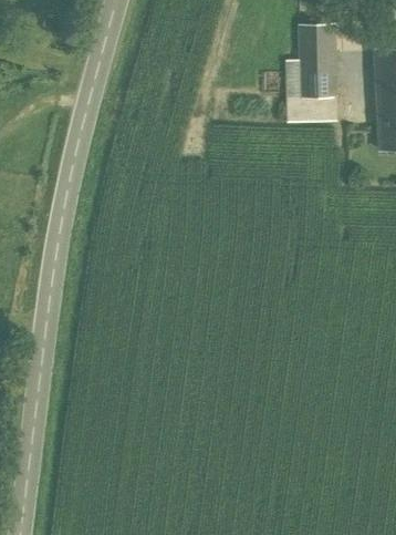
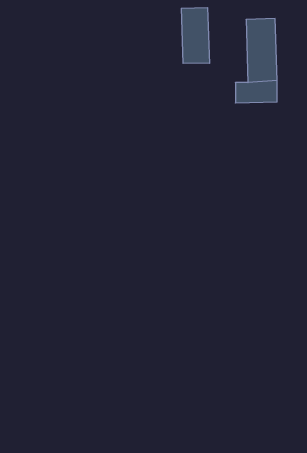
building: none -> [181,8,209,63]

